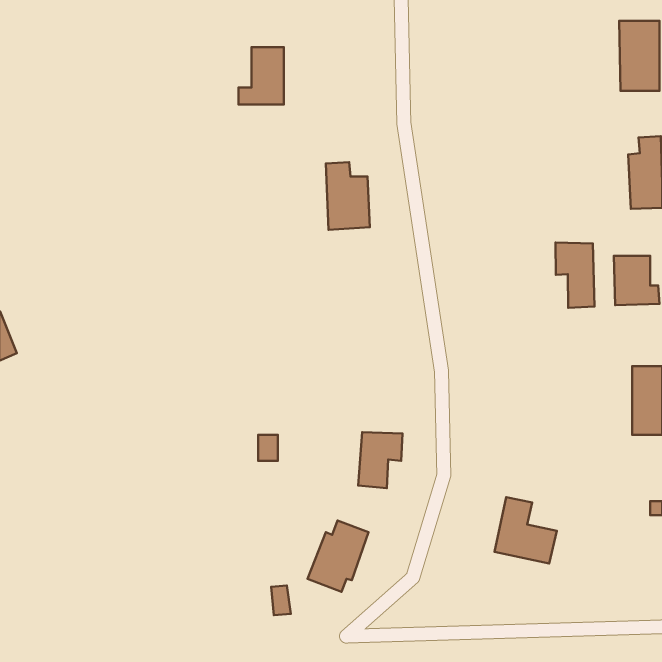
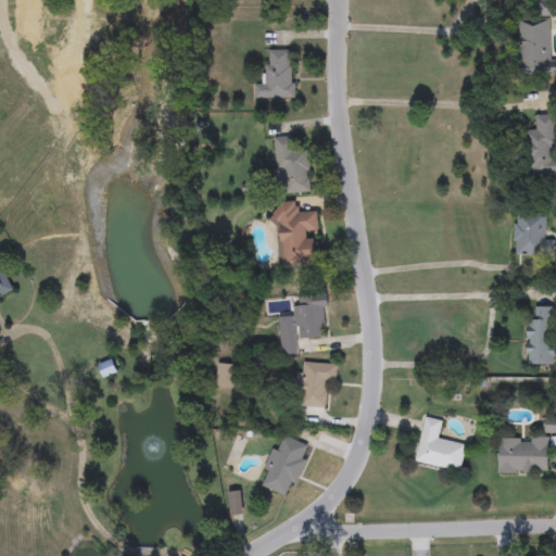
building: [238,47,284,104] -> [254,50,292,98]
building: none -> [275,201,318,266]
building: [556,243,595,308] -> none
building: none -> [271,294,328,355]
building: none -> [496,437,548,473]

